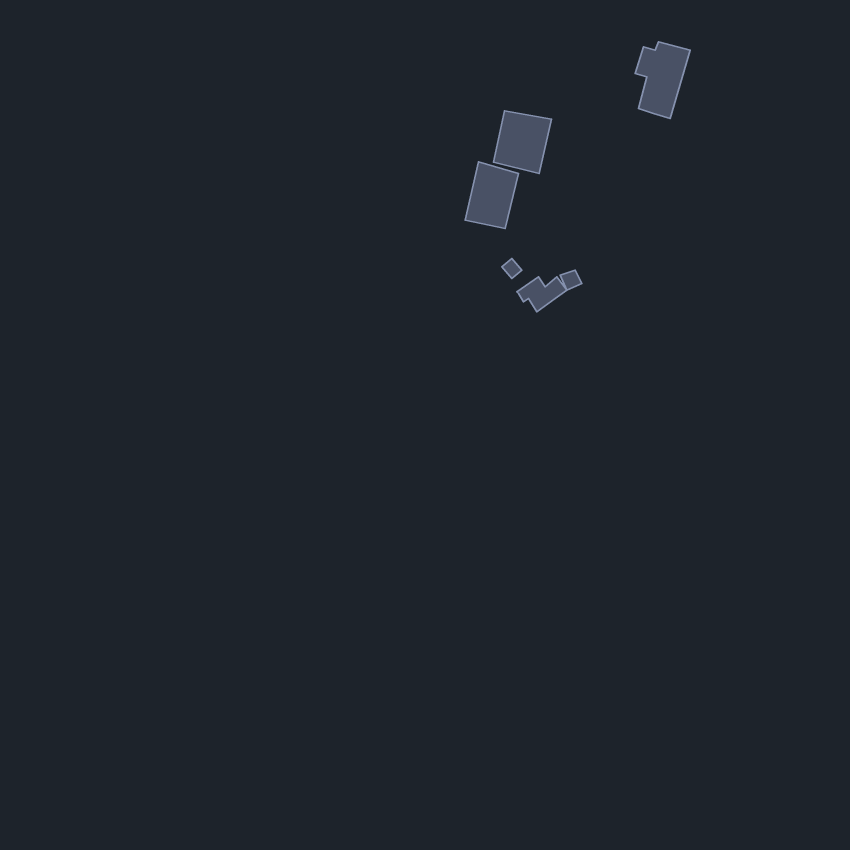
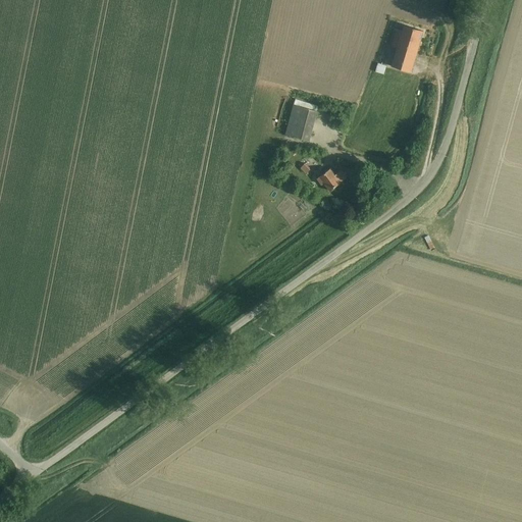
building: [494,111,551,173] -> none

